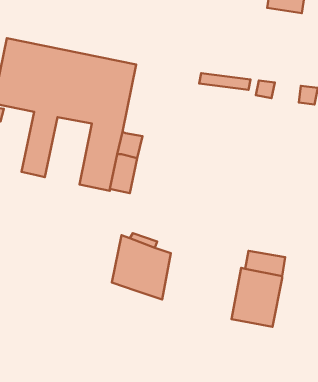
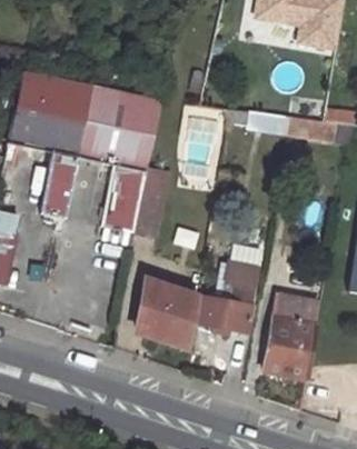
building: none -> [197,261,258,329]

